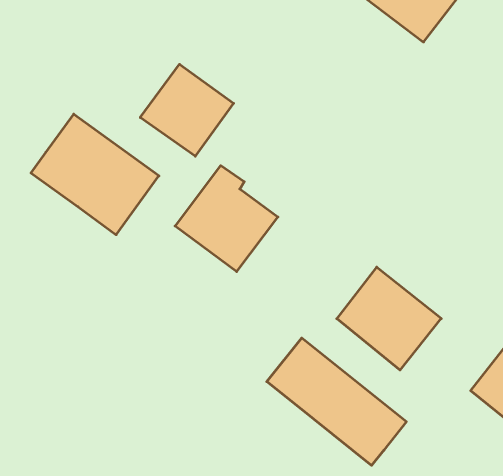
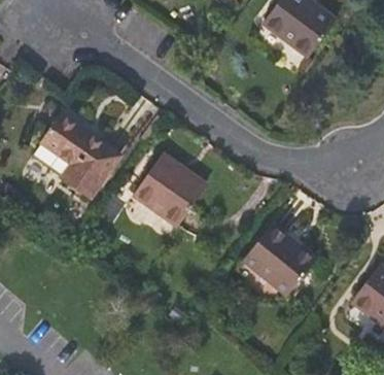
building: [140,64,234,156] -> none
building: [267,338,406,465] -> none

